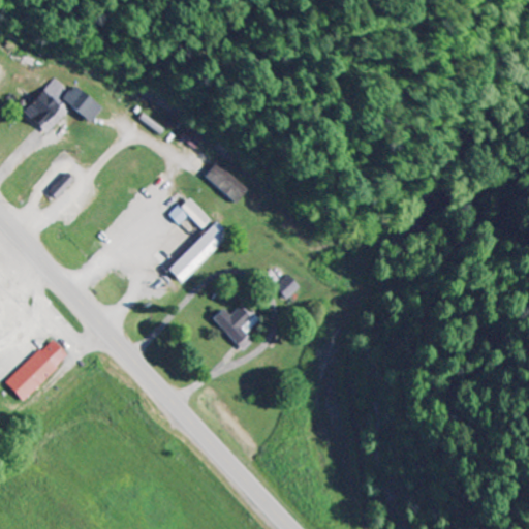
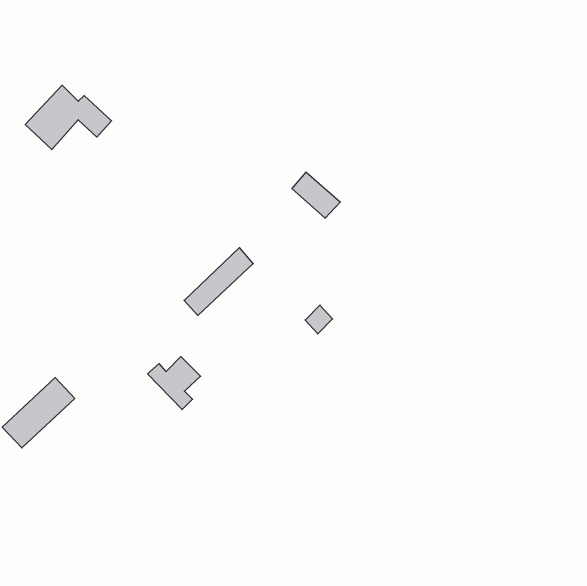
building: [206,162,249,204] -> [292,172,340,218]
building: [169,196,212,229] -> none
building: [214,303,261,350] -> [148,357,201,410]

